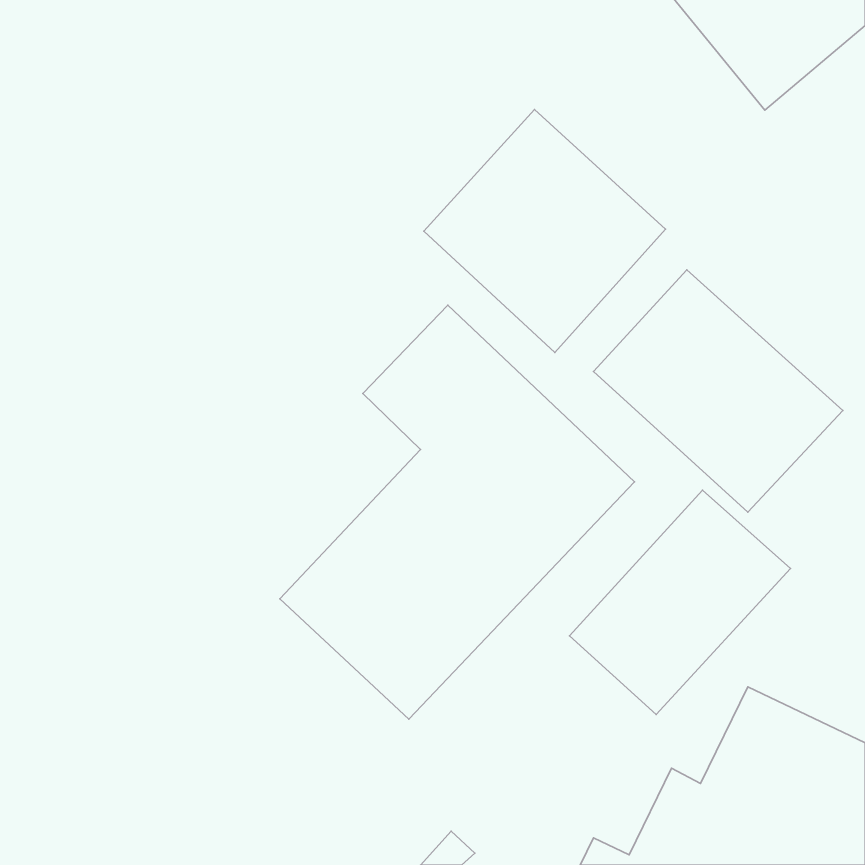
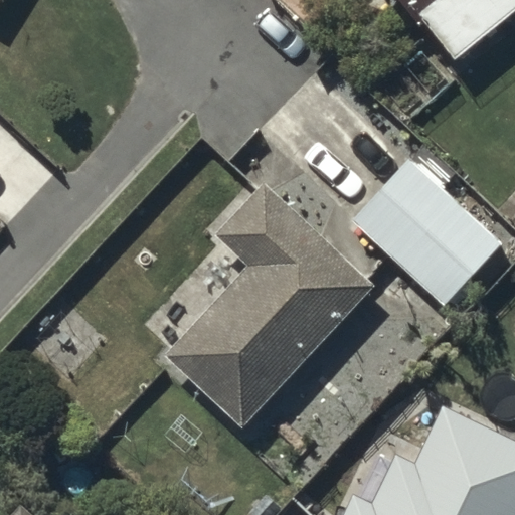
building: [424,109,666,352] -> none
building: [570,490,791,714] -> none

